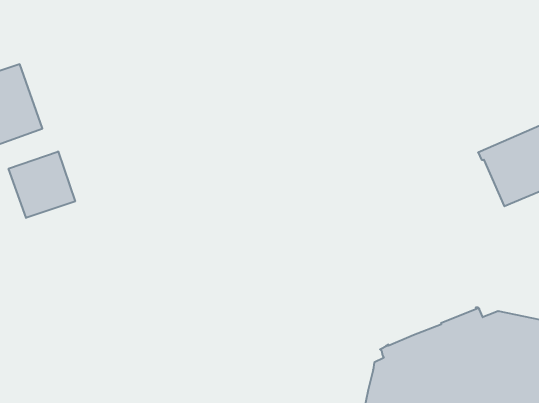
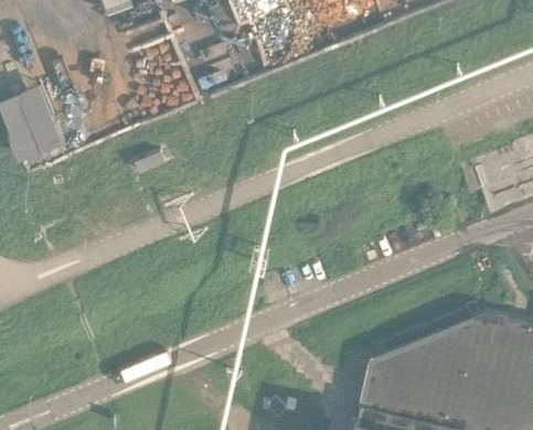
building: [9,151,75,218] -> none

